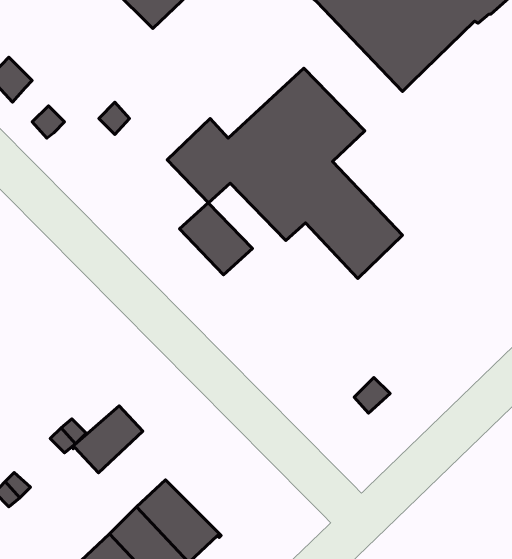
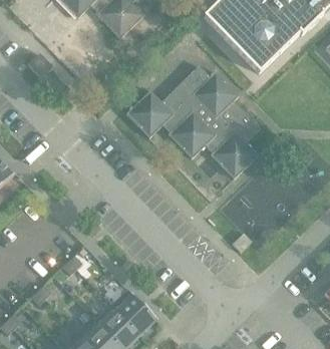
building: [180,203,252,275] -> none
building: [72,406,143,473] -> none

